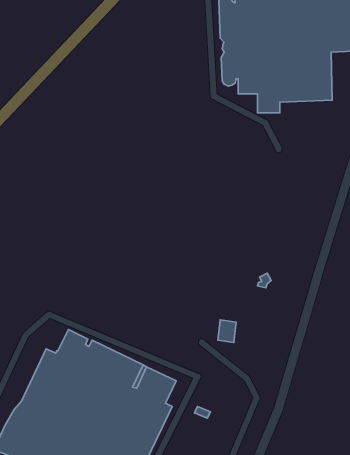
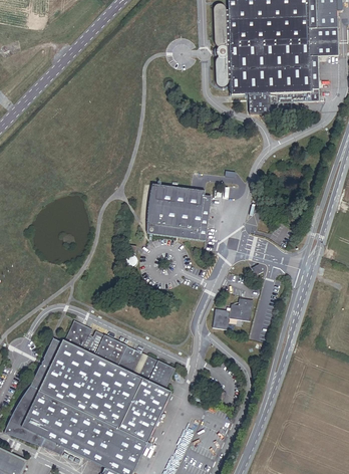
building: none -> [146,184,211,241]
building: none -> [229,298,253,321]

